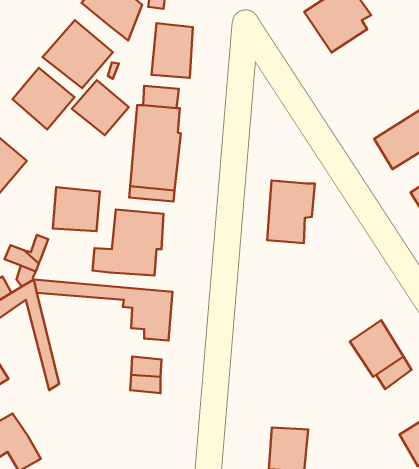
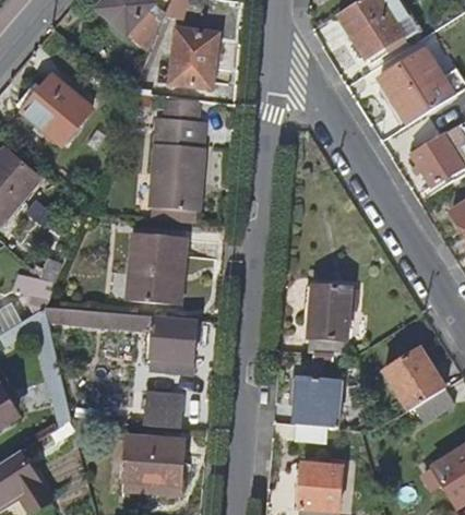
building: [43,20,113,88] -> none
building: none -> [380,50,454,124]
building: [72,80,129,135] -> none
building: [267,180,315,243] -> [306,287,357,355]
building: [53,187,100,231] -> none
building: none -> [296,379,339,429]
building: none -> [124,438,182,494]

